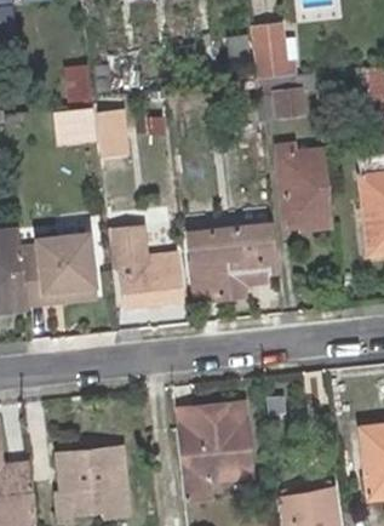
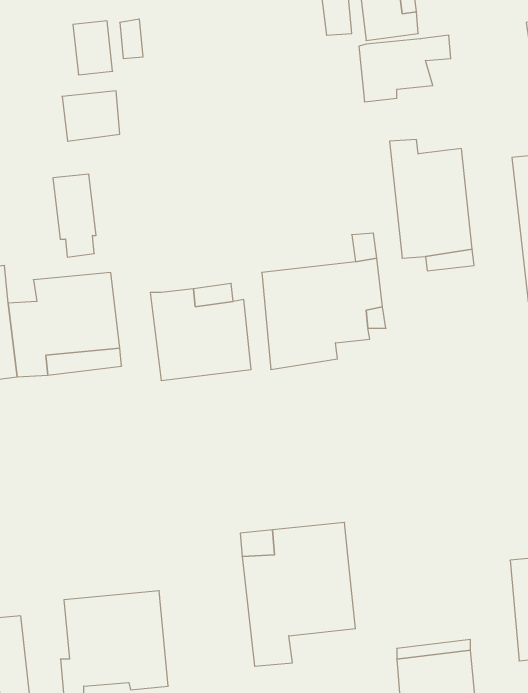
building: [96,99,125,155] -> [53,174,96,257]

